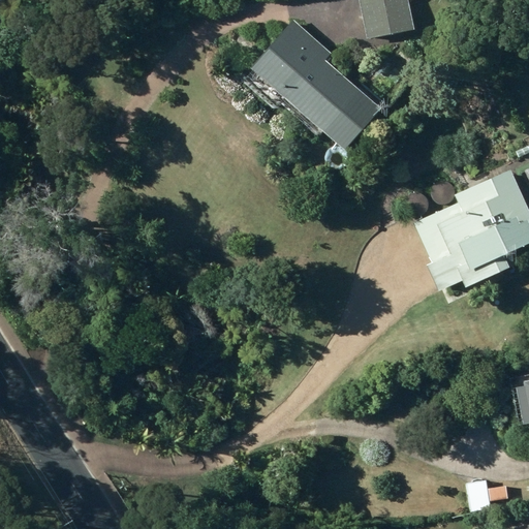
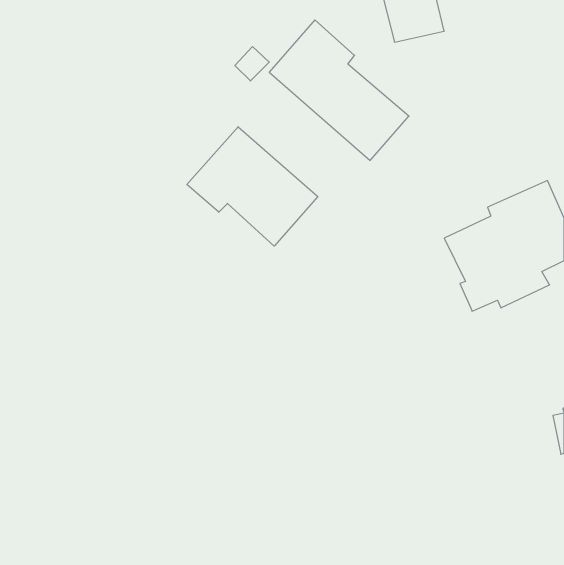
building: none -> [187,127,318,246]

